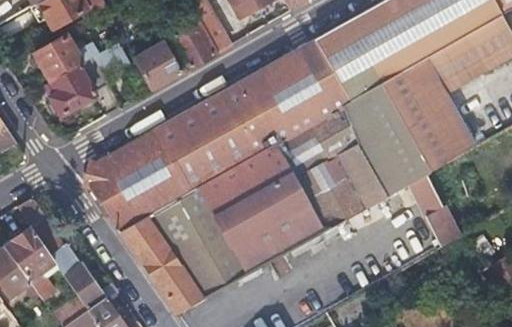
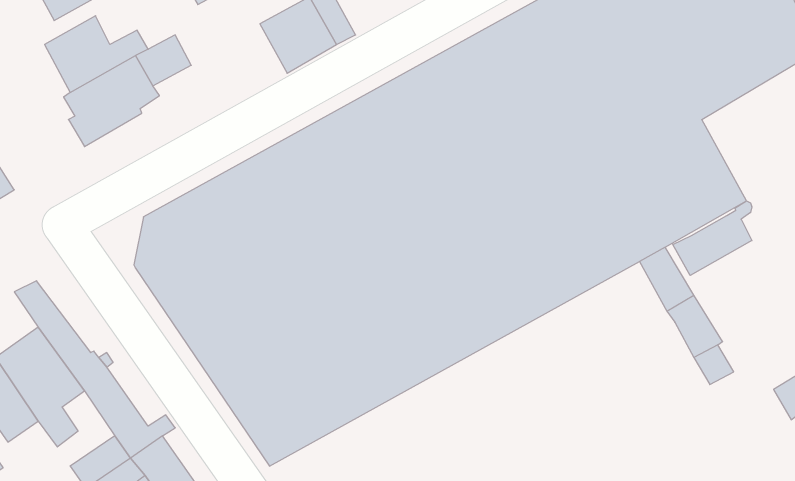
building: [134,40,181,89] -> none
building: none -> [673,201,752,275]

